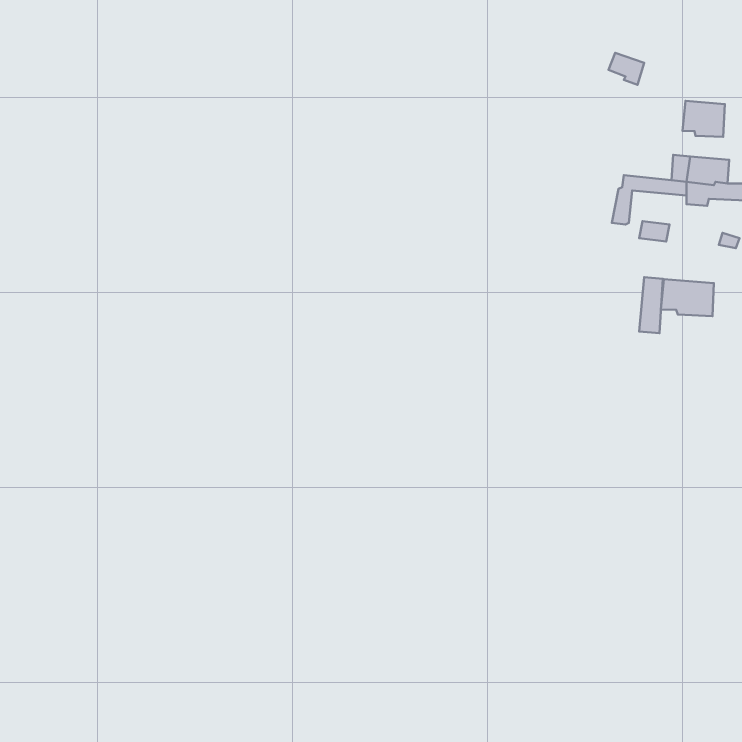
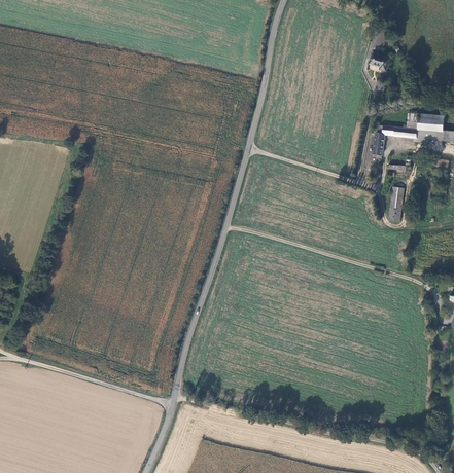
building: [683,101,725,137] -> none
building: [661,279,714,316] -> none

